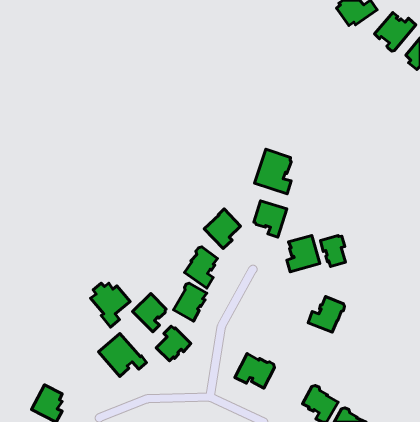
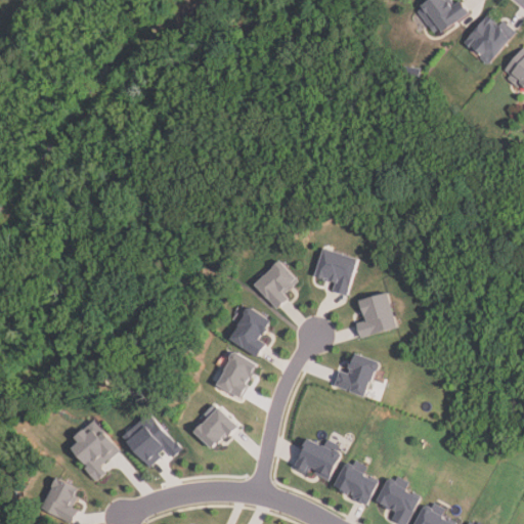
building: [254,149,291,194] -> none
building: [320,235,345,266] -> none
building: [91,283,130,327] -> [70,428,119,482]
building: [132,294,166,332] -> none
building: [308,297,344,332] -> [333,352,378,396]
building: none -> [333,463,377,505]

